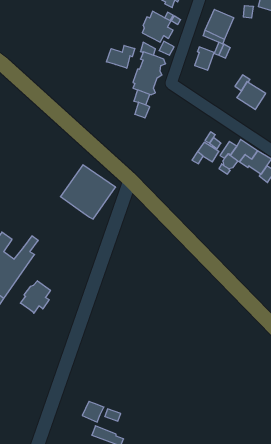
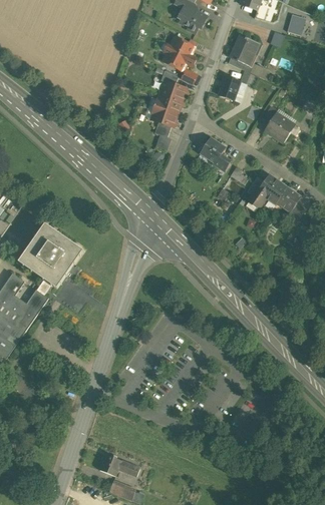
building: [106,45,135,68] -> none
building: none -> [201,138,229,170]
building: [60,165,116,219] -> [20,226,79,285]
building: [20,281,50,313] -> none

